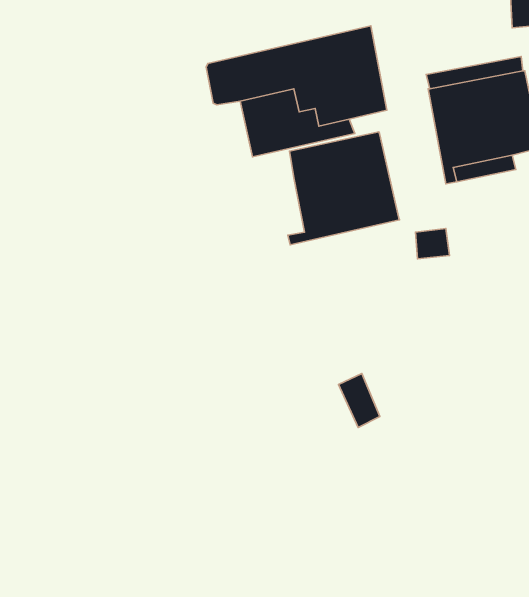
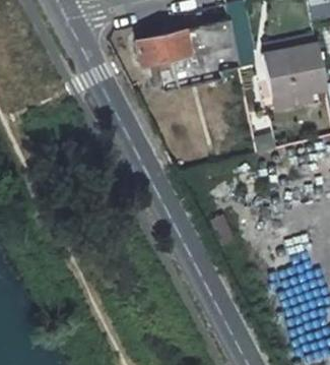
building: [288,132,400,245] -> none

